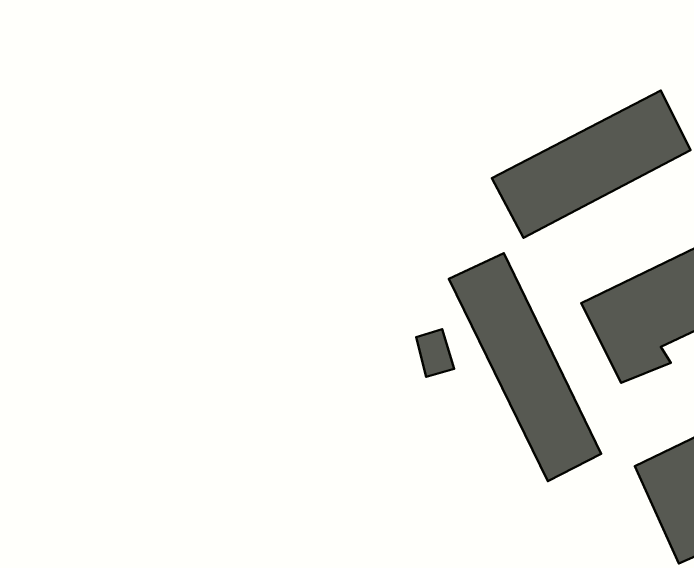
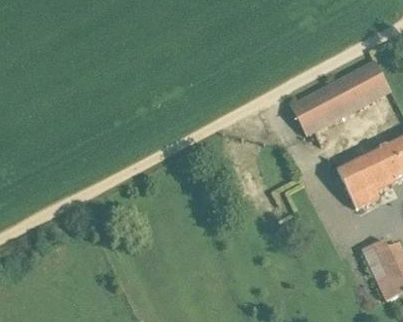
building: [449,253,601,481] -> none

